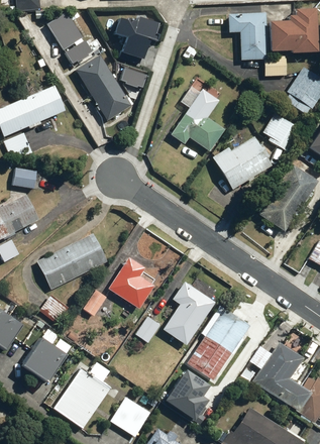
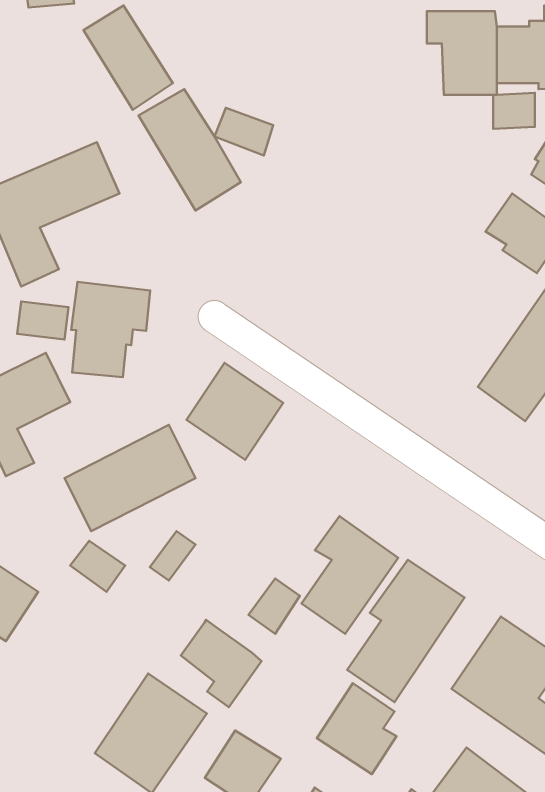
building: [111,13,155,61] -> none
building: [171,89,225,151] -> none
building: [212,135,273,190] -> none
building: none -> [71,282,150,377]
building: [109,257,161,309] -> [186,363,283,460]
building: [18,336,66,384] -> none
building: none -> [181,620,261,707]

